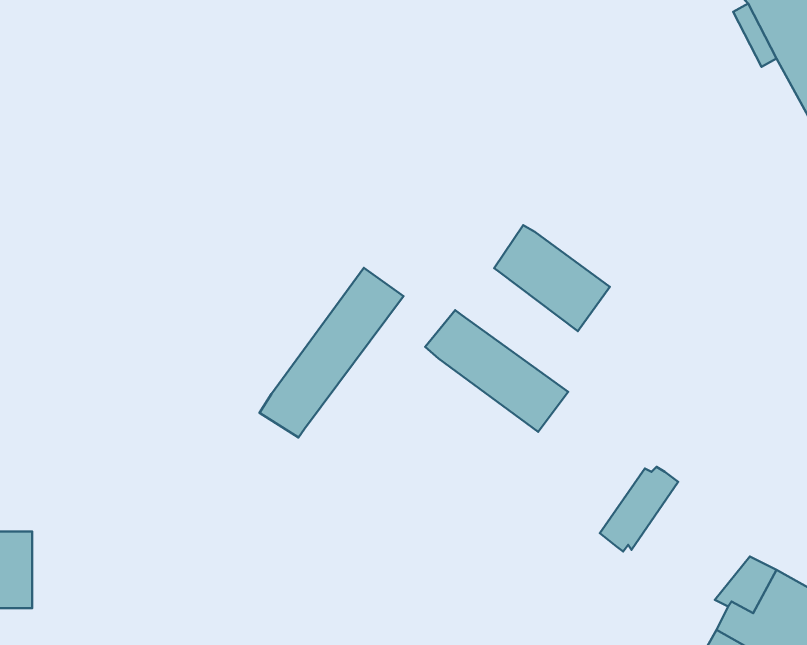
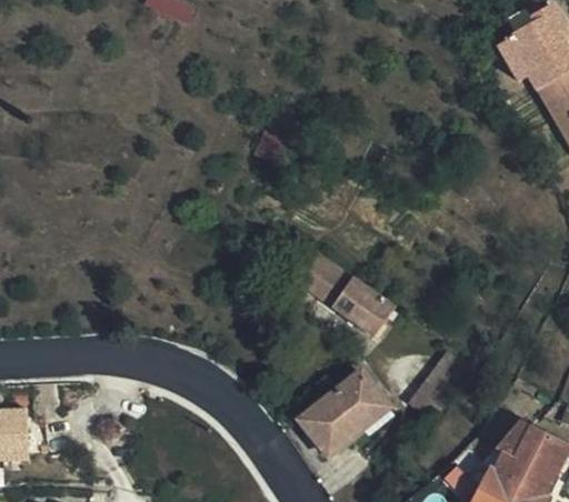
building: [494,225,610,331] -> none
building: [259,268,403,437] -> none
building: none -> [298,371,388,454]

